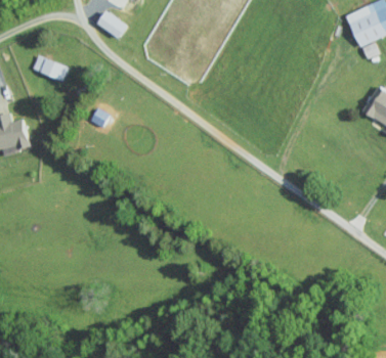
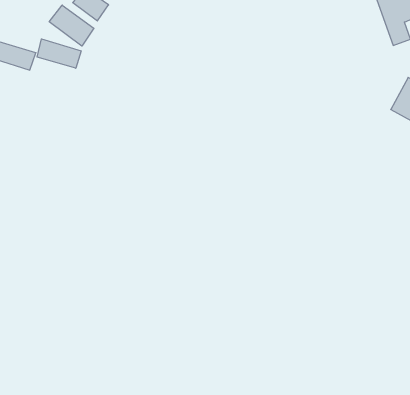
building: none -> [49,5,94,46]
building: none -> [37,39,81,68]

